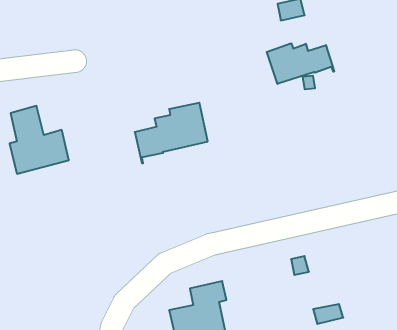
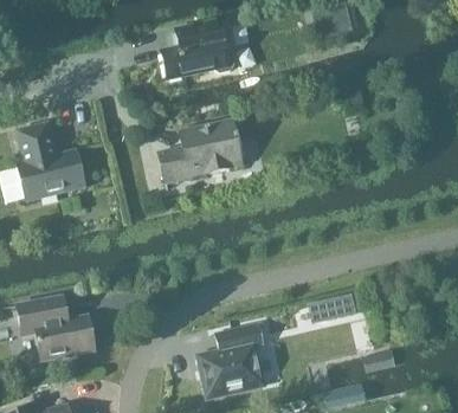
building: none -> [161,24,233,78]
building: [267,43,334,84] -> none
building: none -> [17,296,95,361]

